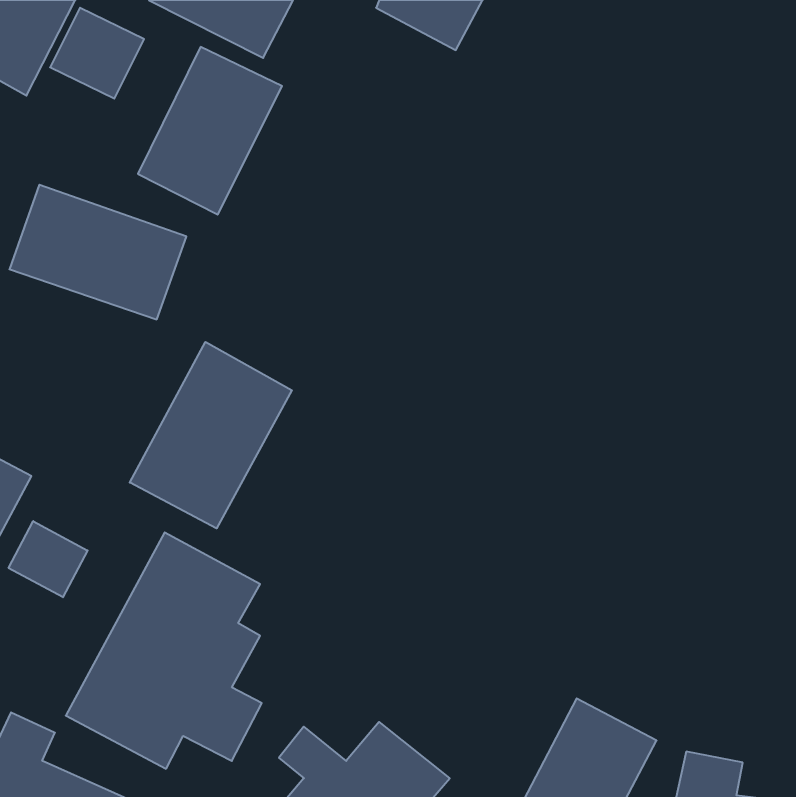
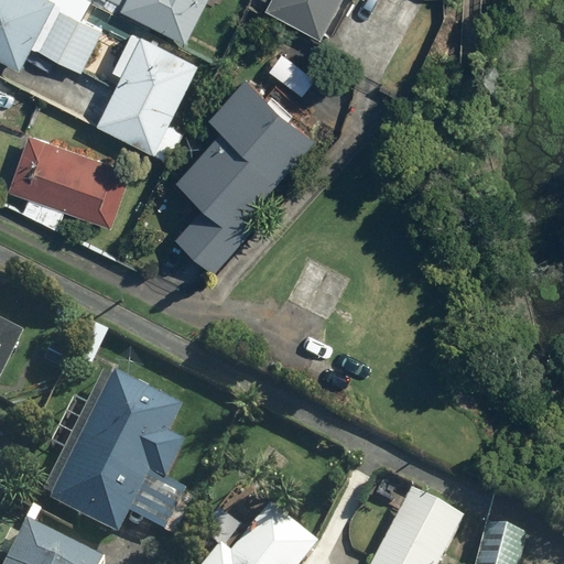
building: none -> [173,76,316,273]
building: [130,342,292,528] -> none
building: [9,521,88,597] -> none

